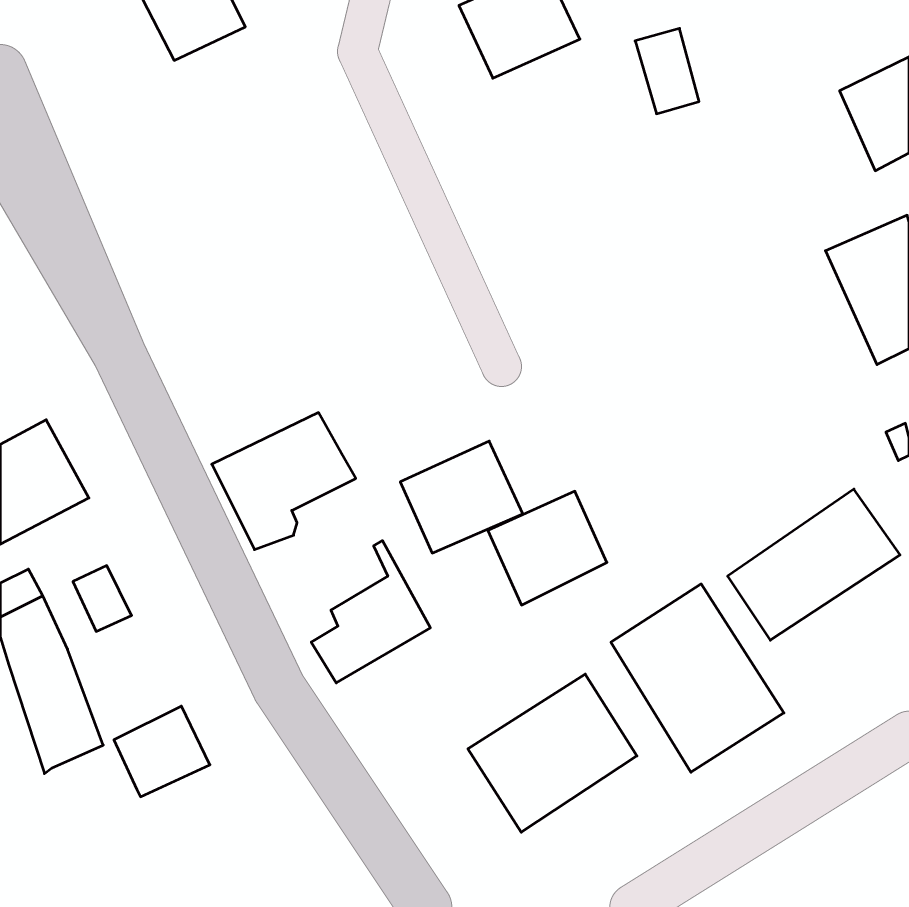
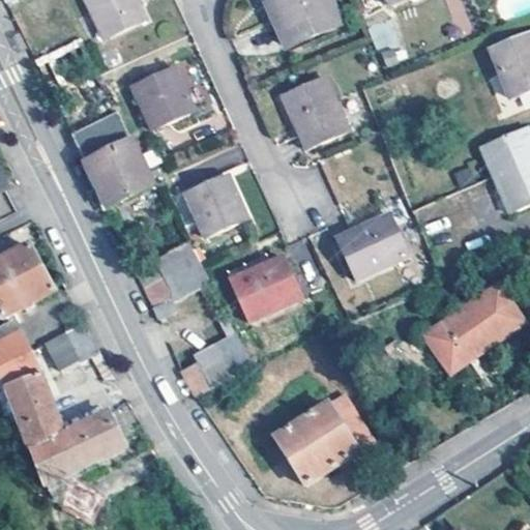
building: none -> [132,65,193,126]
building: none -> [283,78,347,147]
building: none -> [68,112,152,209]
building: none -> [185,172,248,235]
building: [488,491,607,605] -> [342,214,411,281]
building: [611,584,784,772] -> none
building: none -> [30,431,80,479]

